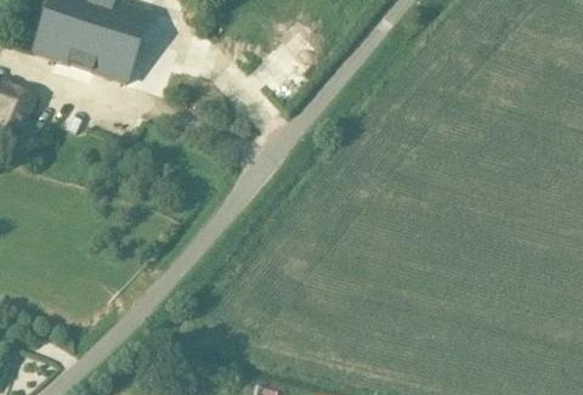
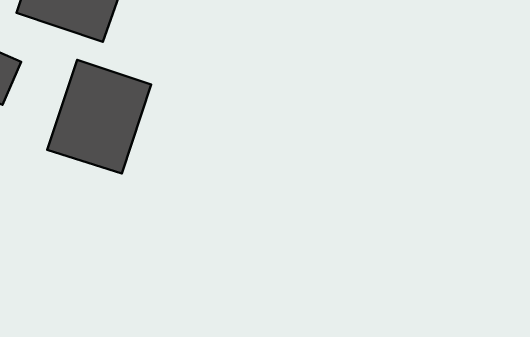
building: none -> [47,60,151,173]

